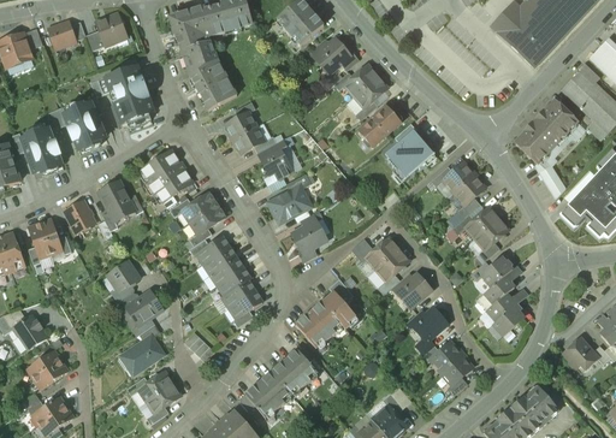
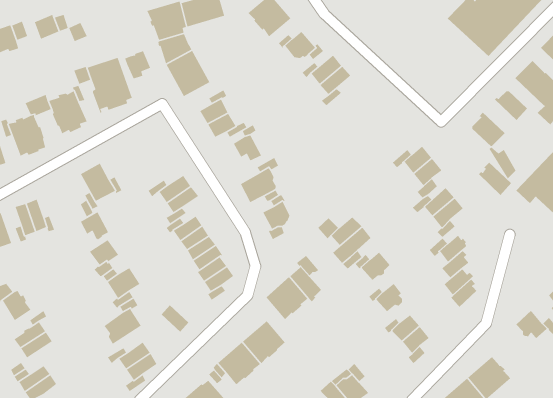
building: [96,13,125,45] -> [124,50,151,80]
building: [359,106,401,147] -> none
building: [528,112,564,148] -> [478,162,512,196]
building: [385,130,436,179] -> none
building: [141,149,192,201] -> none
building: [64,200,95,231] -> [80,211,109,241]

